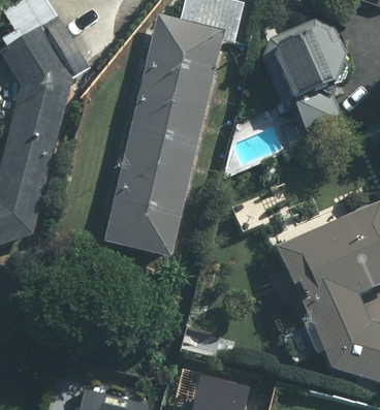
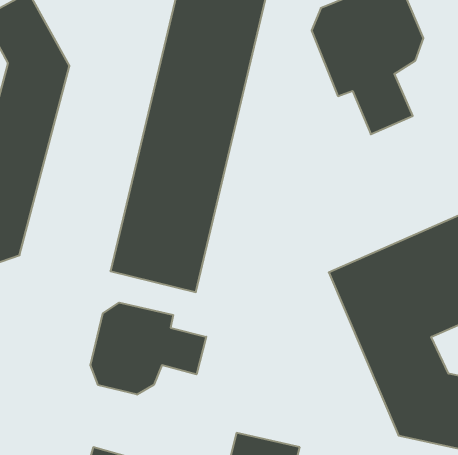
building: none -> [91,303,206,395]

